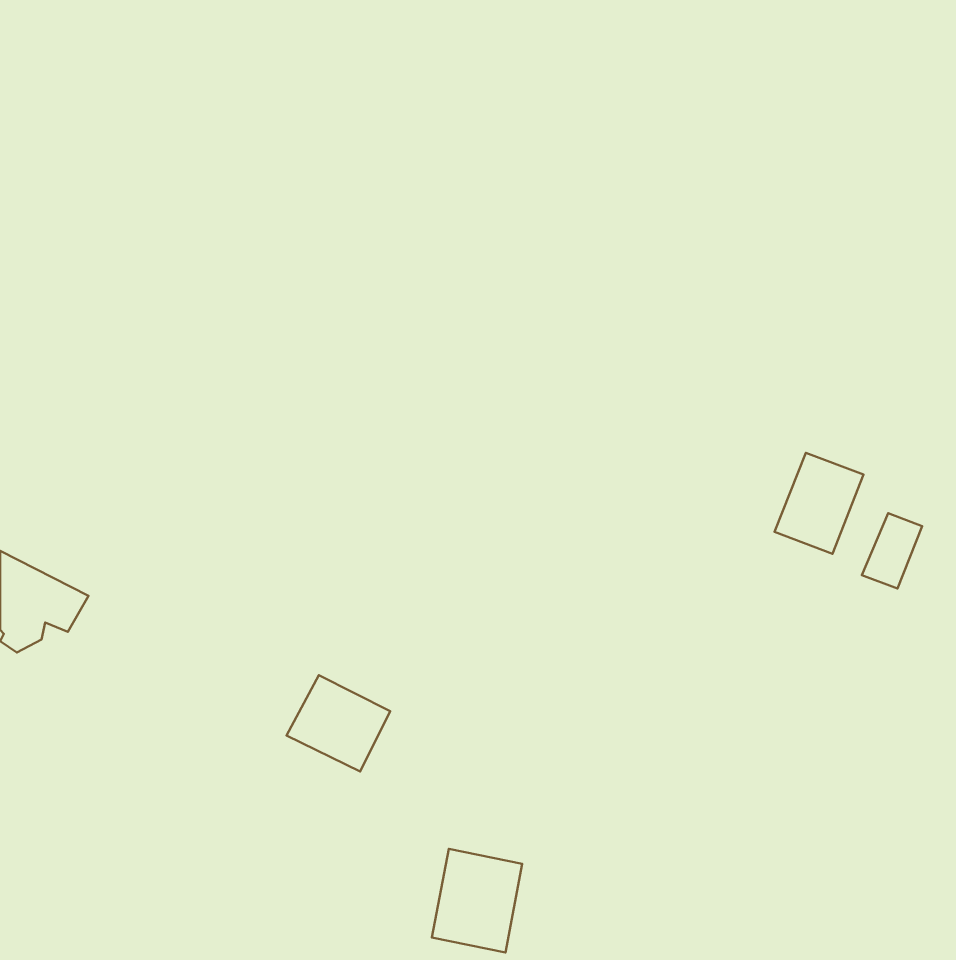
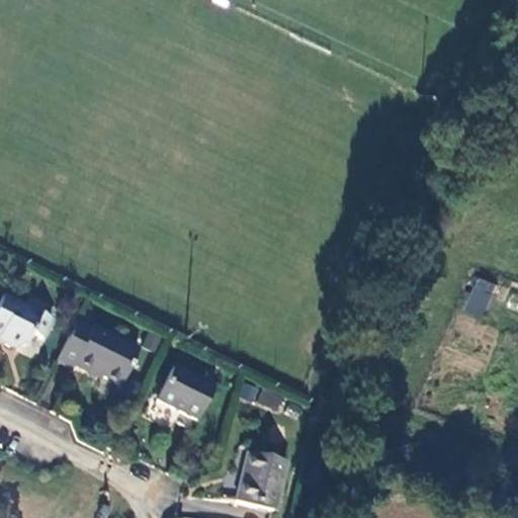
building: [775,453,864,554] -> none
building: none -> [56,320,137,393]

